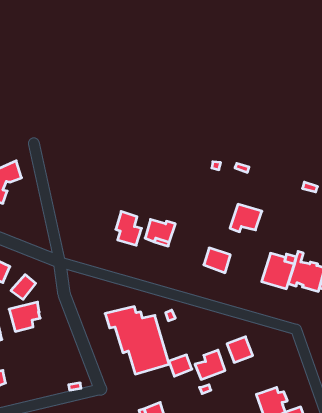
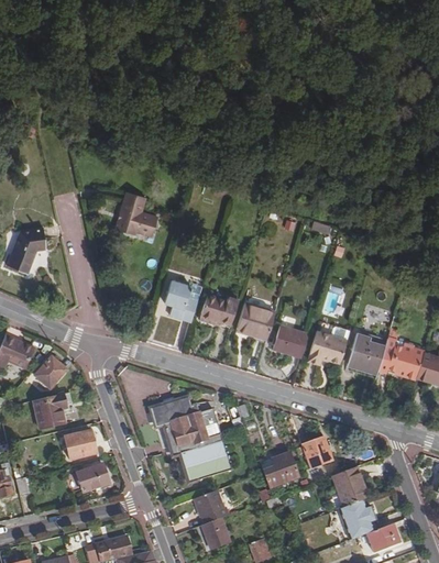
building: none -> [113,191,156,233]
building: [230,204,262,232] -> [308,331,348,365]
building: none -> [239,299,275,334]
building: none -> [65,432,97,462]
building: [169,355,192,376] -> [195,490,223,517]
building: none -> [67,464,110,493]
building: none -> [334,466,366,506]

